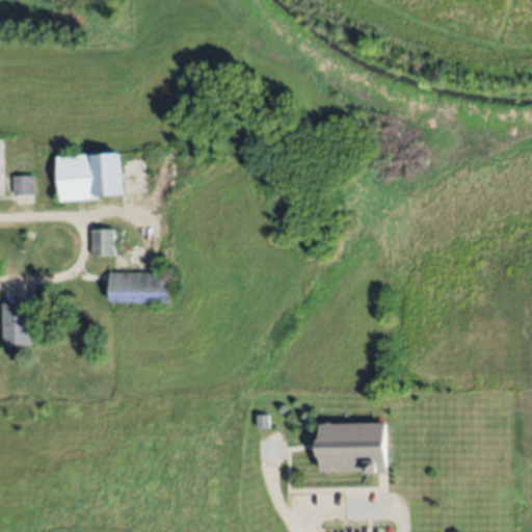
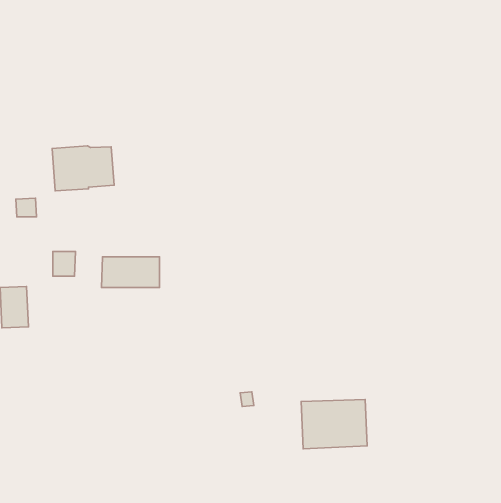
building: [11,176,33,195] -> [16,198,36,217]
building: [89,230,113,256] -> [53,252,75,276]

